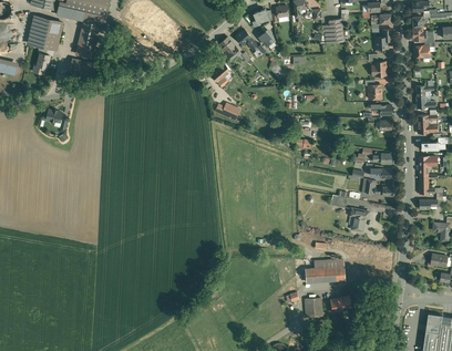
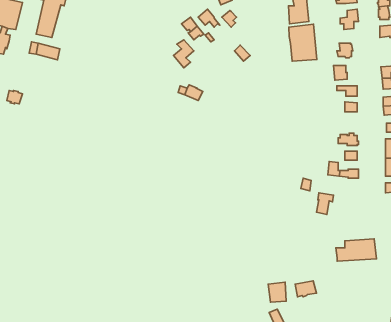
building: none -> [289,24,317,61]
building: [306,259,346,281] -> [336,239,377,261]

